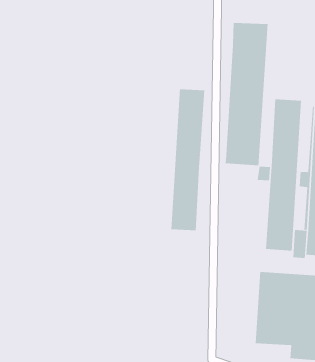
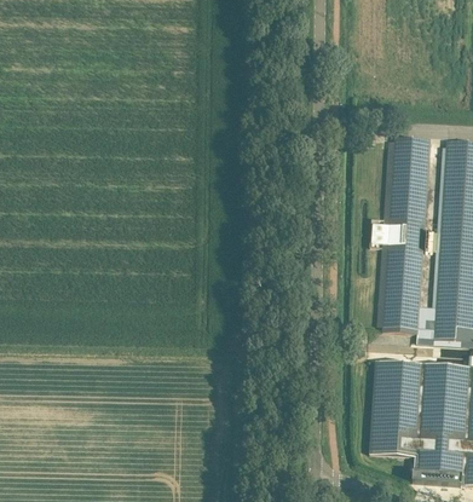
building: [225,22,268,166] -> none
building: [171,88,205,231] -> none

